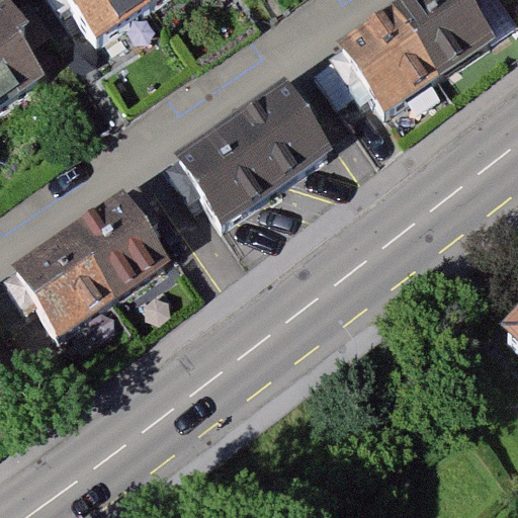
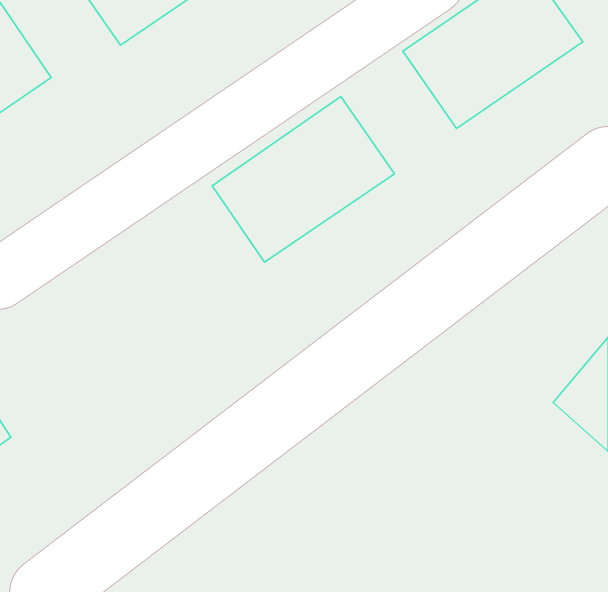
building: [14,189,171,332] -> none

